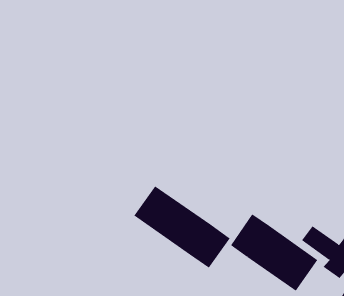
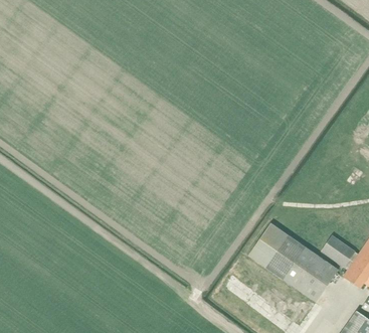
building: [134,186,230,268] -> none

